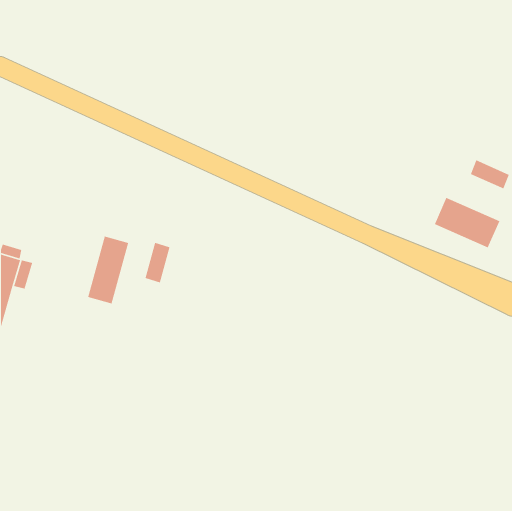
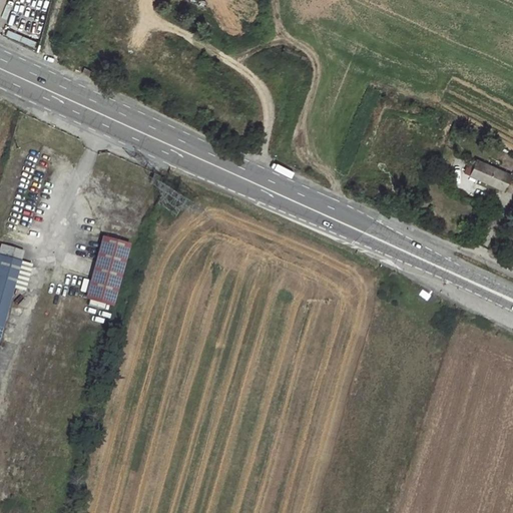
building: [434,197,500,249] -> none
building: [144,242,171,283] -> none

